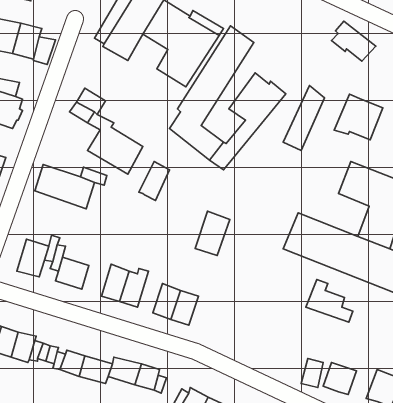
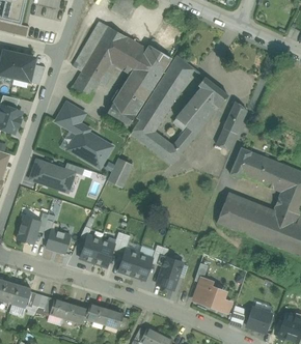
building: [331,21,376,61] -> [195,77,228,107]
building: none -> [71,71,100,101]
building: none -> [108,88,143,124]
building: [334,94,383,140] -> [230,147,267,181]
building: [195,211,230,255] -> [157,256,183,289]
building: [306,279,353,322] -> [194,279,229,311]

